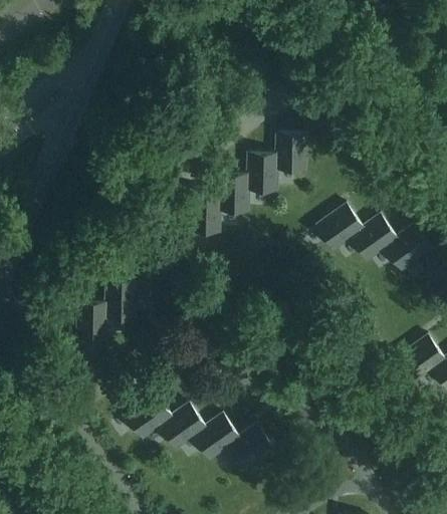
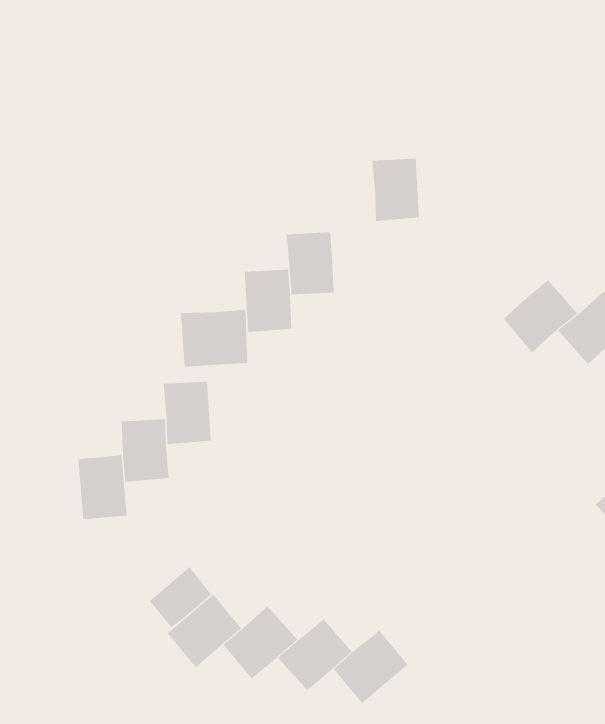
building: [248,154,277,192] -> none
building: [316,206,364,250] -> none
building: none -> [180,309,248,368]
building: none -> [149,566,212,628]

